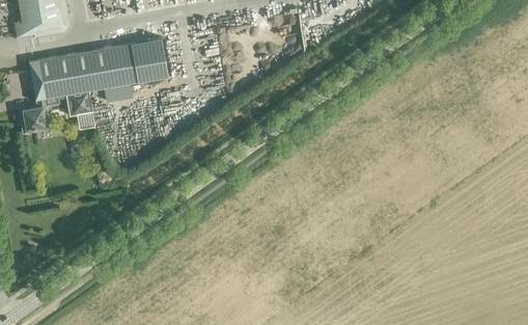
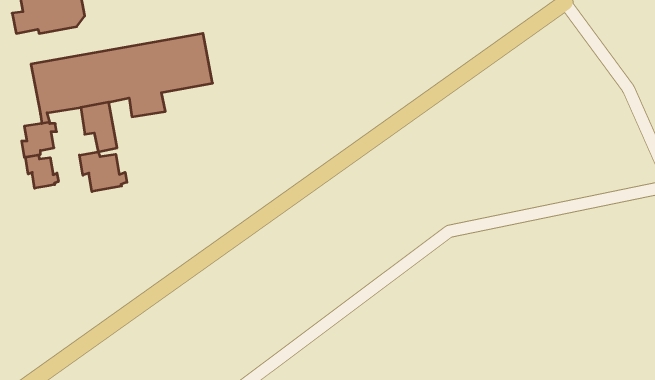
building: none -> [79,152,127,192]
building: none -> [25,155,58,188]

